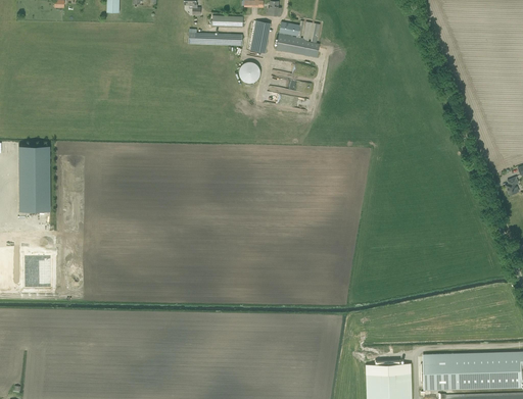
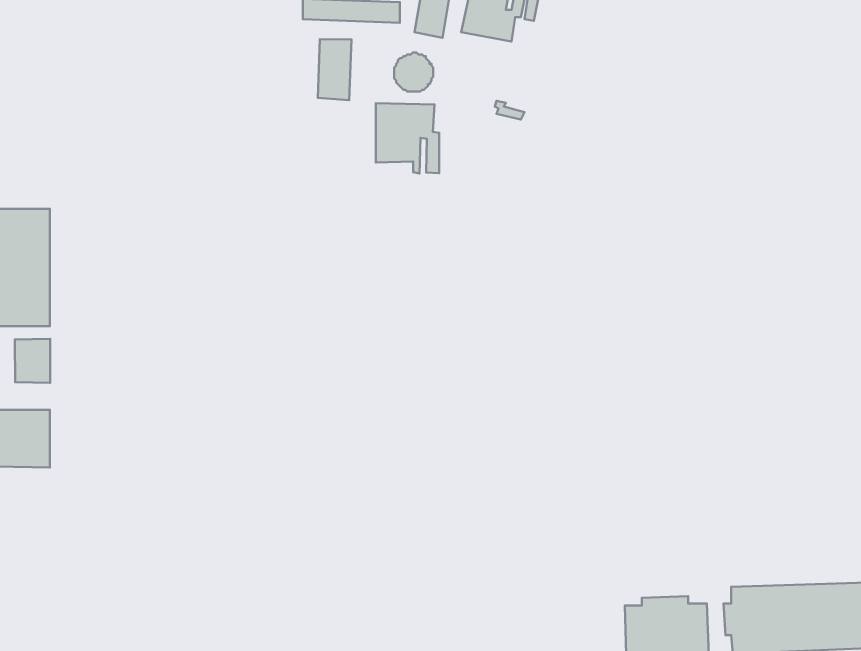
building: none -> [318,39,352,100]
building: none -> [376,103,439,173]
building: none -> [15,339,50,383]

